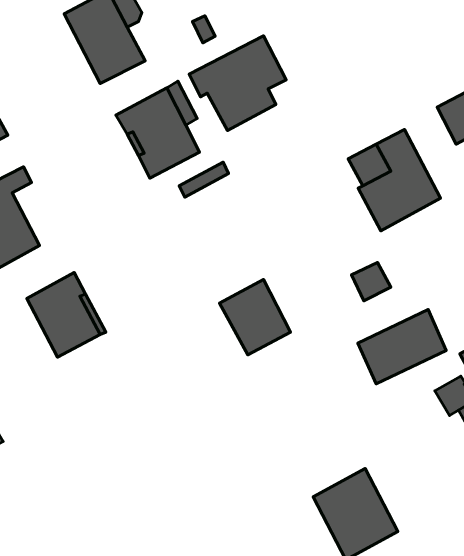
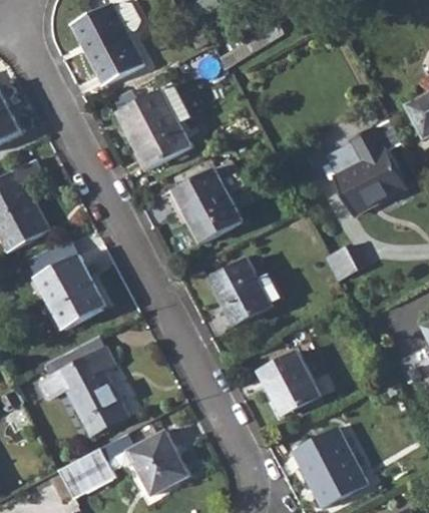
building: [189,36,286,130] -> [167,158,254,242]
building: [358,310,446,384] -> none
building: none -> [36,348,127,434]
building: none -> [259,352,320,416]
building: none -> [114,430,188,496]
building: none -> [59,448,114,496]

